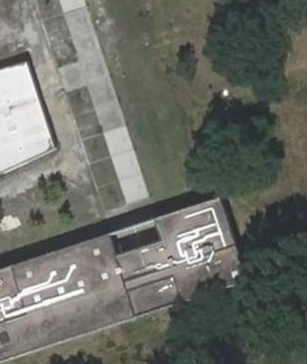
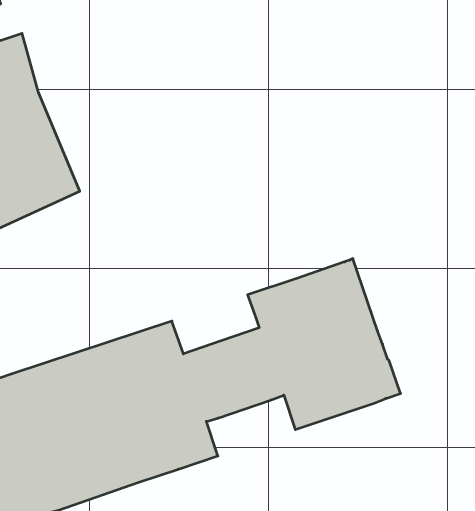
building: [107,217,160,253] -> none
building: [128,279,182,316] -> none

